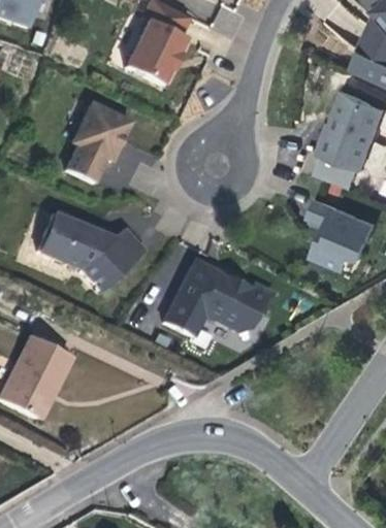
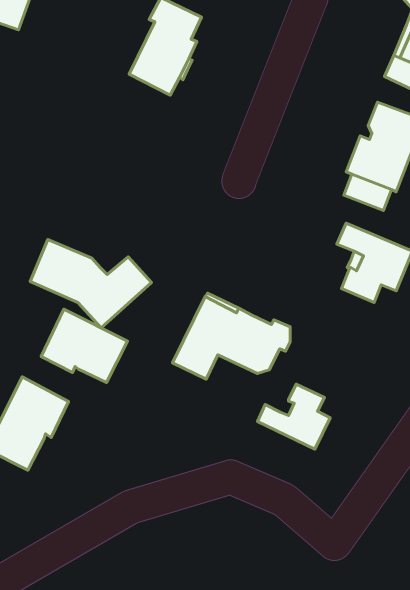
building: [67,103,131,183] -> none
building: none -> [41,309,127,383]
building: none -> [257,384,330,449]

